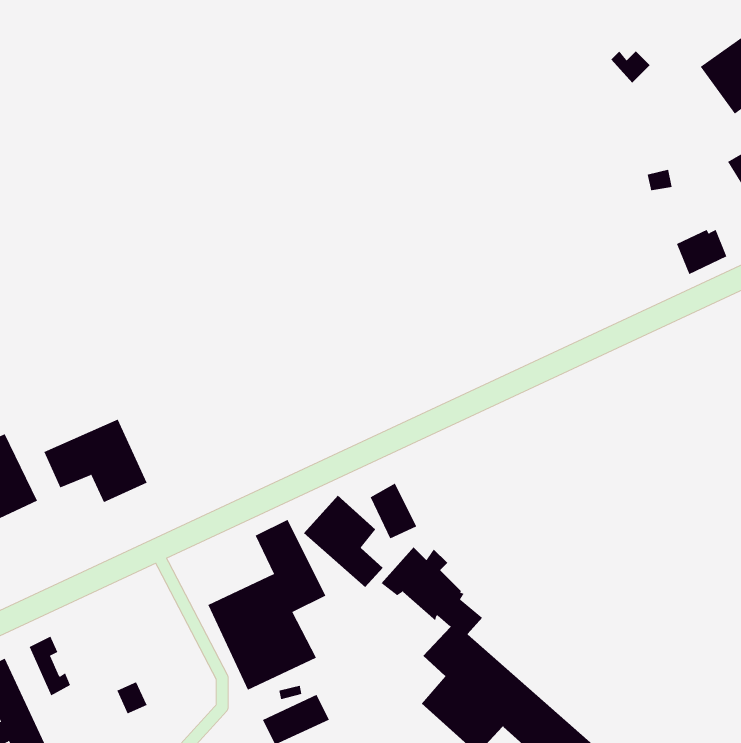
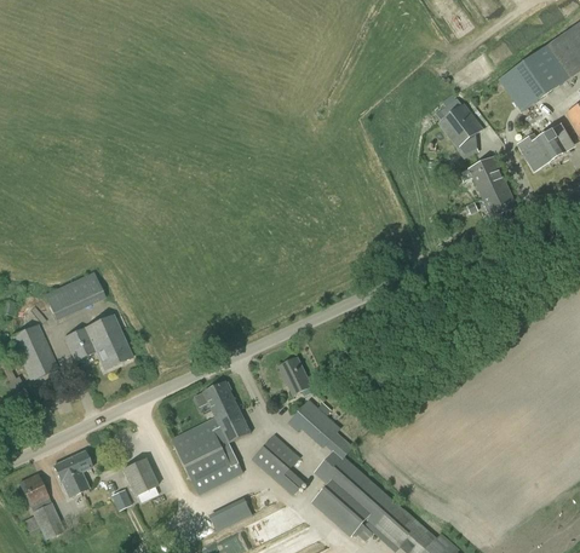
building: none -> [431,97,484,150]
building: none -> [461,156,510,197]
building: none -> [44,270,105,319]
building: [303,495,383,588] -> [252,433,305,495]
building: none -> [68,450,92,490]
building: none -> [121,457,157,495]

